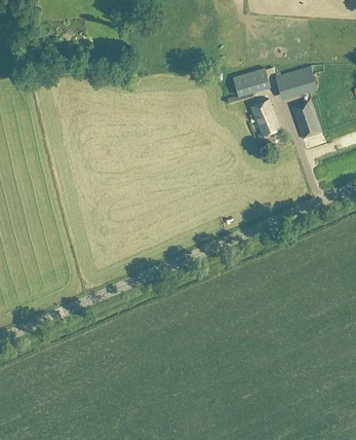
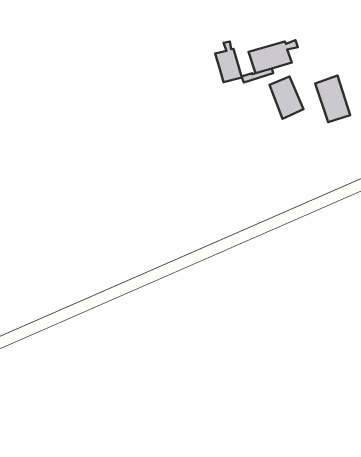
building: [273,66,316,100] -> none
building: none -> [215,41,242,82]

